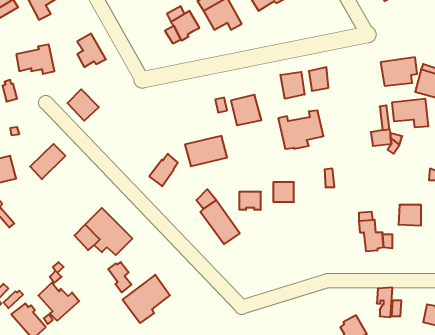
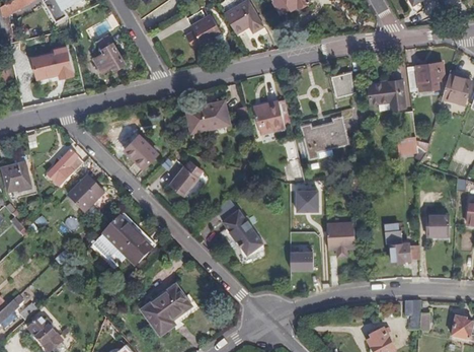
building: [280,72,305,99] -> none
building: [67,89,99,121] -> [126,136,158,168]
building: [392,99,428,127] -> [369,79,406,109]
building: [185,136,227,166] -> [187,100,231,132]
building: none -> [70,178,103,212]
building: [239,192,261,210] -> [290,251,312,269]
building: none -> [326,220,356,257]
building: [108,262,131,292] -> none
building: [38,283,79,321] -> none

